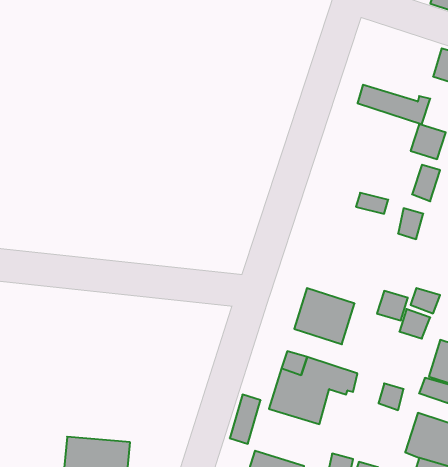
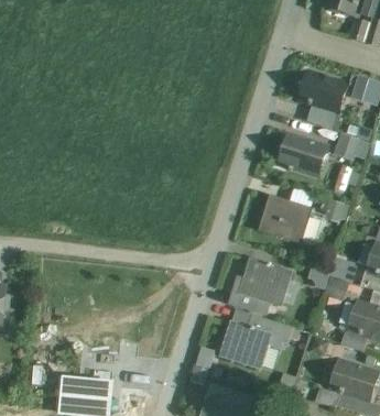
building: none -> [295,69,348,113]
building: none -> [275,132,327,176]
building: none -> [258,197,310,243]

